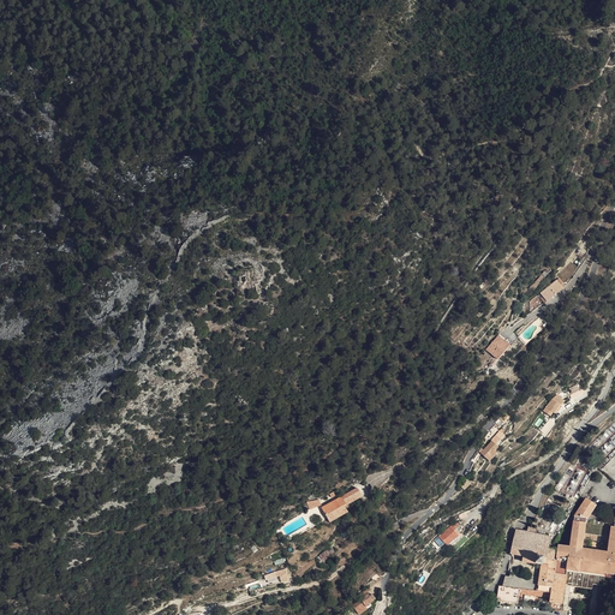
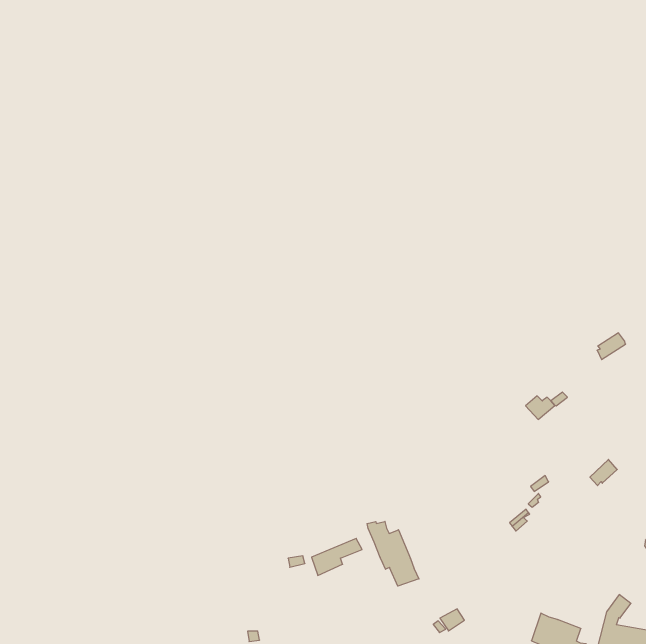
building: none -> [367,521,419,586]

